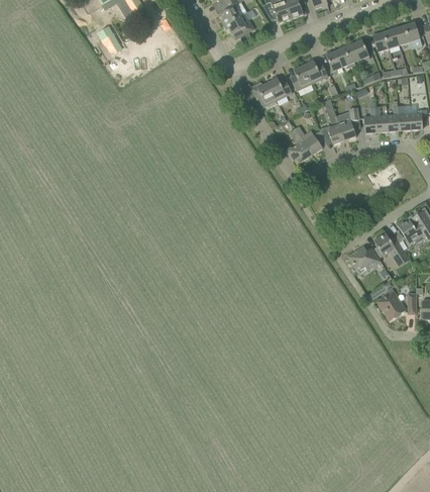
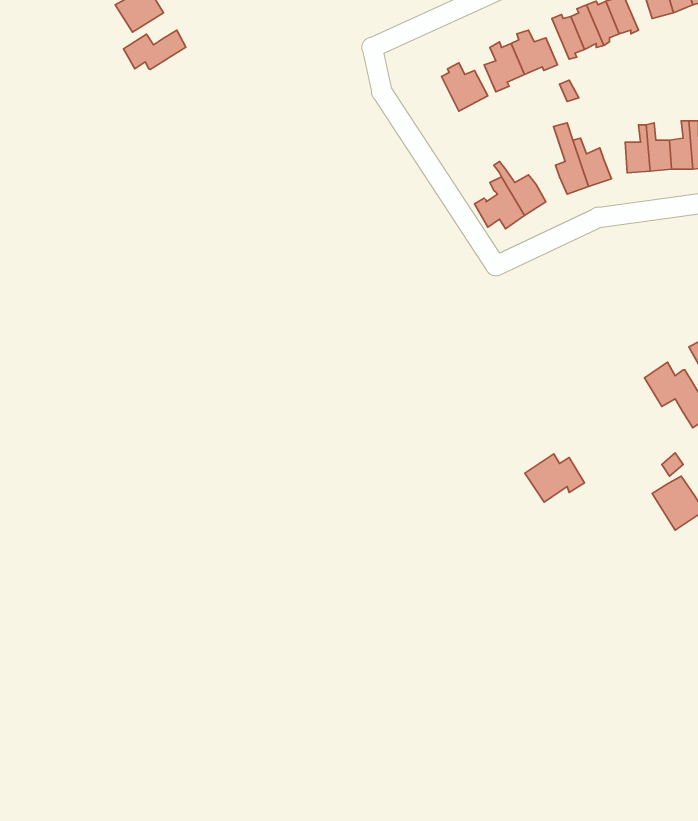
building: none -> [123,30,186,70]
building: [249,82,277,109] -> none
building: [348,245,380,271] -> [525,454,585,502]

